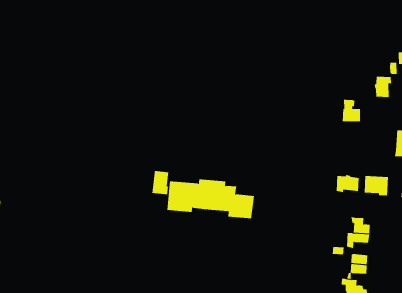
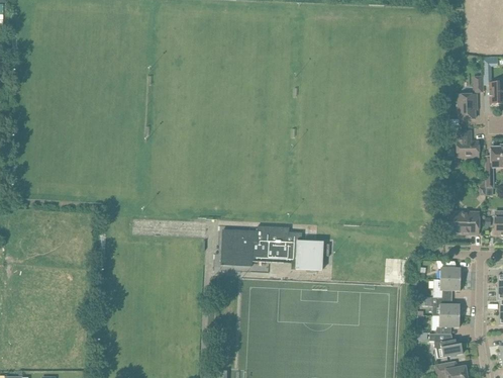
building: [342,99,361,122] -> [457,130,479,157]
building: [152,170,169,195] -> none
building: [336,174,359,193] -> none

